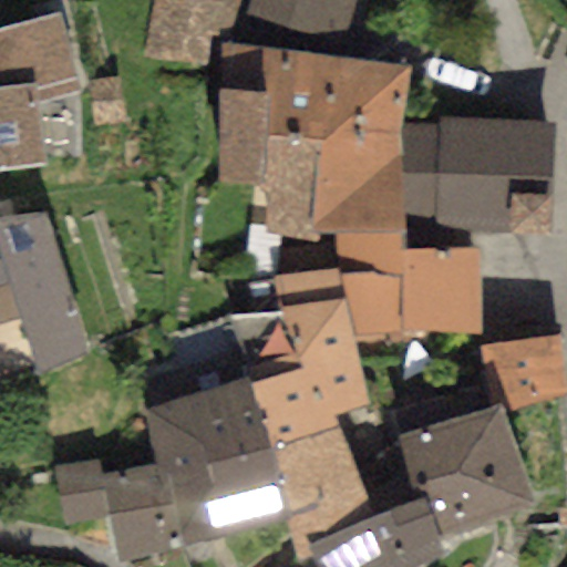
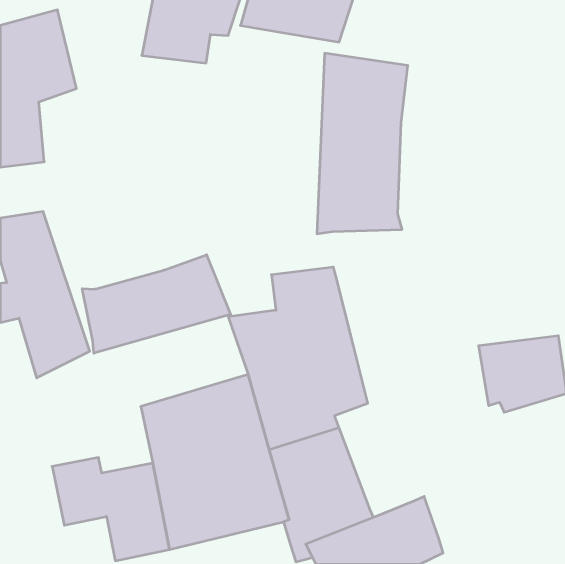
building: [217,42,326,239] -> none
building: [399,116,554,234] -> none
building: [333,229,480,346] -> none
building: none -> [82,255,231,353]
building: [399,402,538,538] -> none

